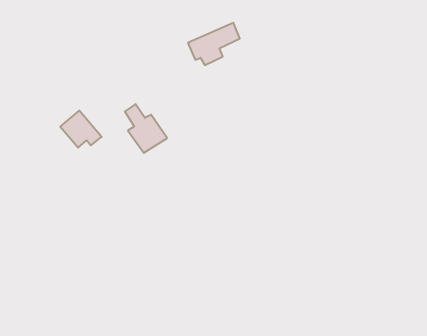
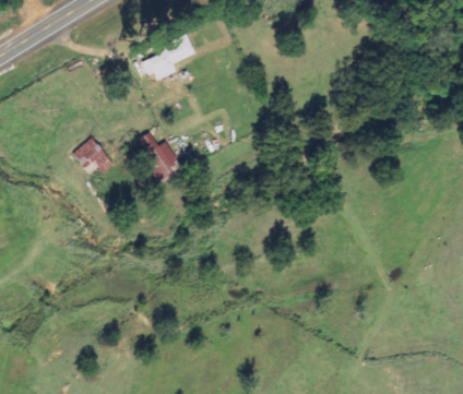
building: [188,23,240,65] -> [140,37,193,81]

